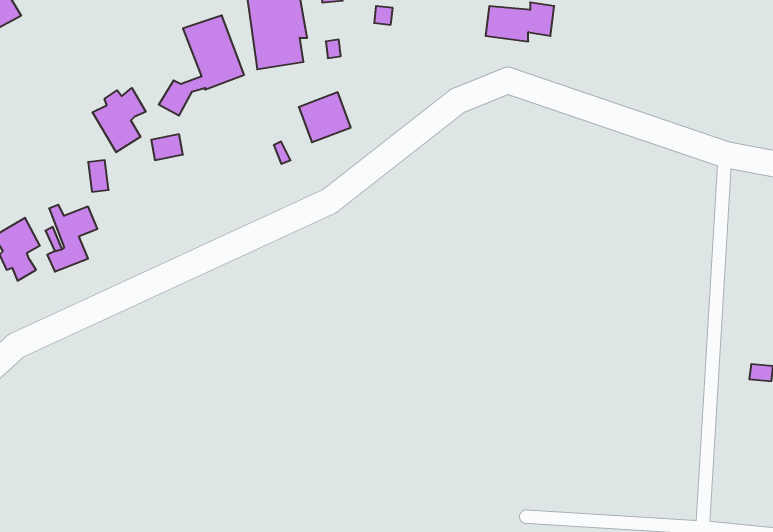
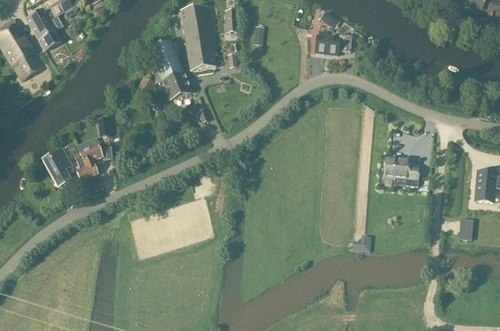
building: [92,88,146,152] -> none
building: [299,92,351,142] -> [162,73,190,100]
building: none -> [384,157,419,186]

